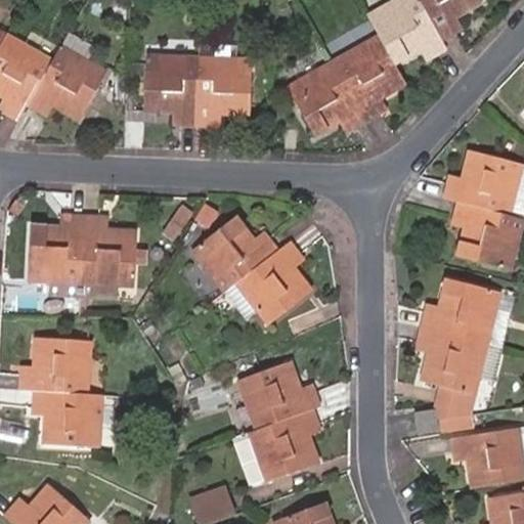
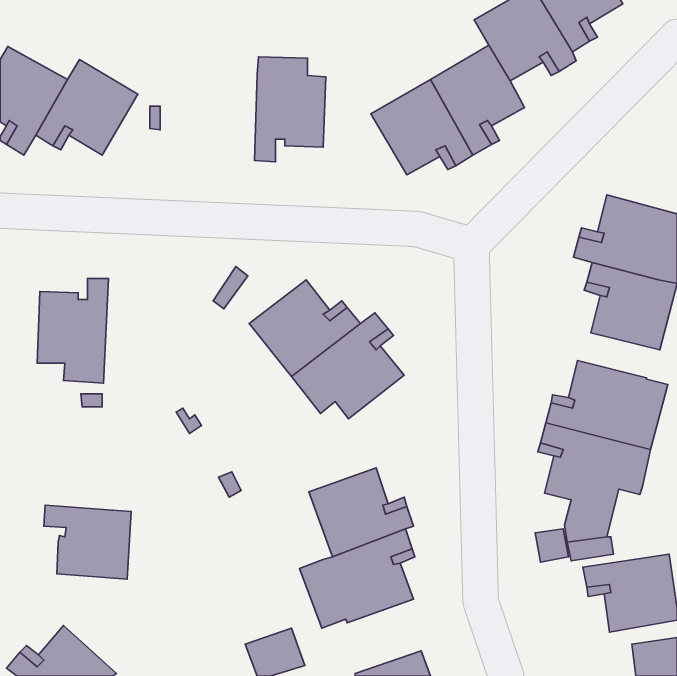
building: [144,55,199,124] -> none
building: [80,215,136,297] -> none
building: [20,338,90,394] -> none

